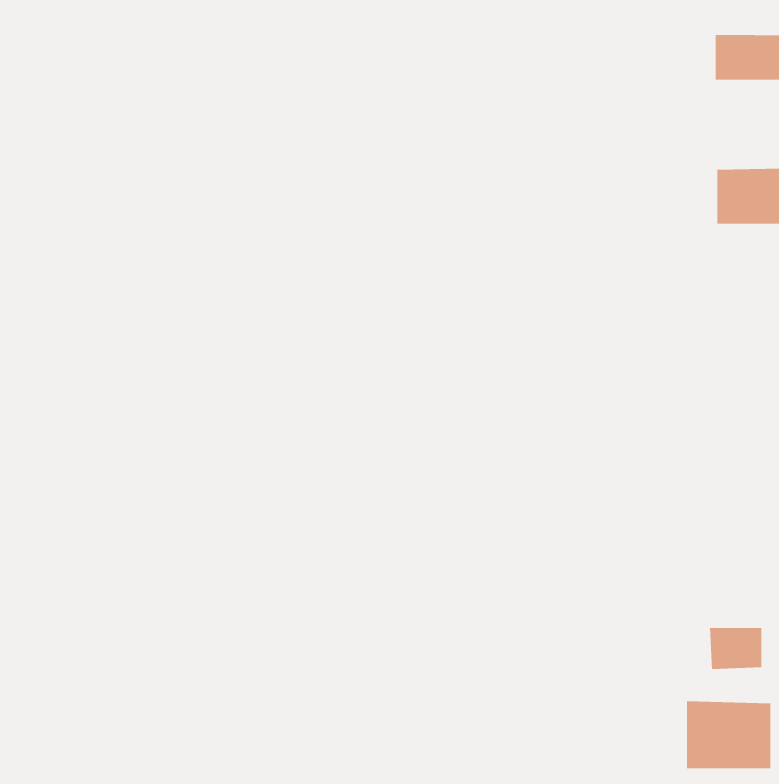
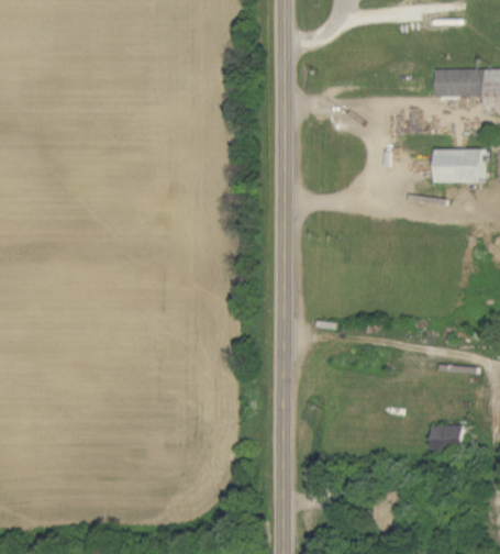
building: [686,701,771,769] -> none

